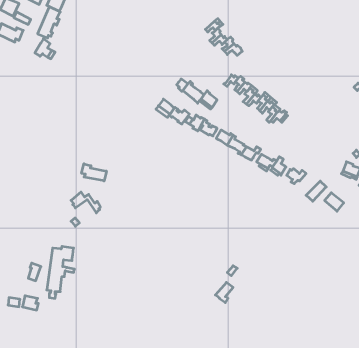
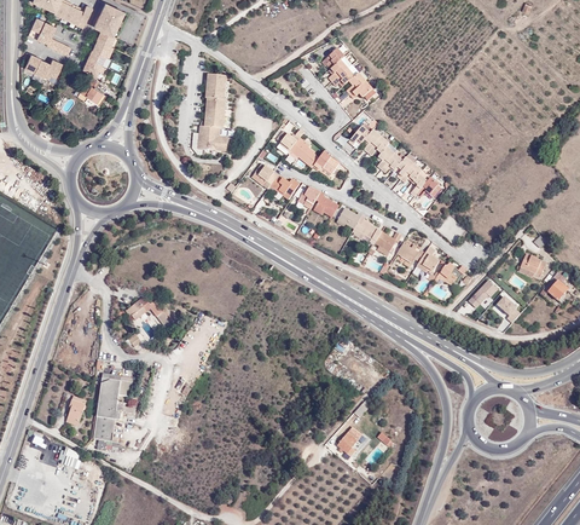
building: none -> [192,75,228,156]
building: [82,164,106,181] -> none

